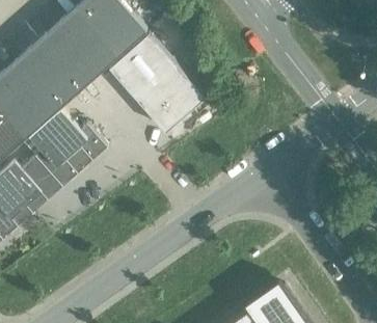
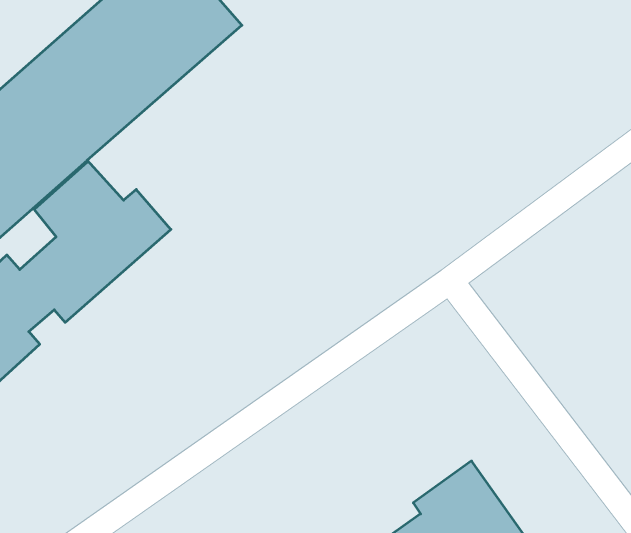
building: [108,33,201,129] -> none

